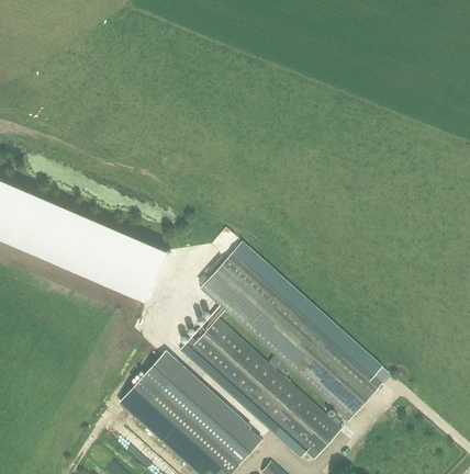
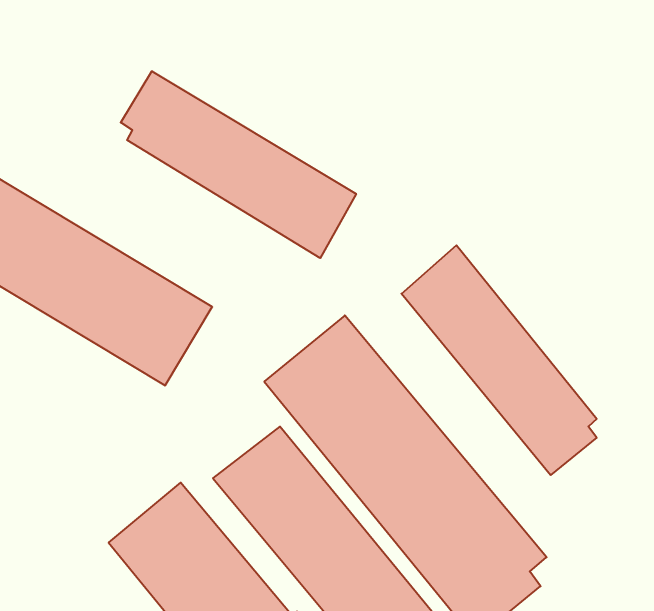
building: none -> [121,71,356,258]
building: none -> [401,245,597,475]

